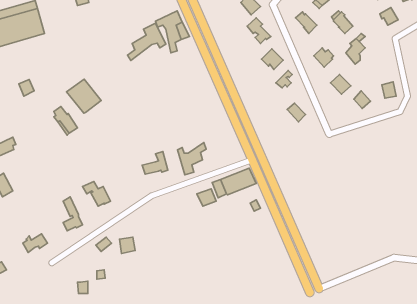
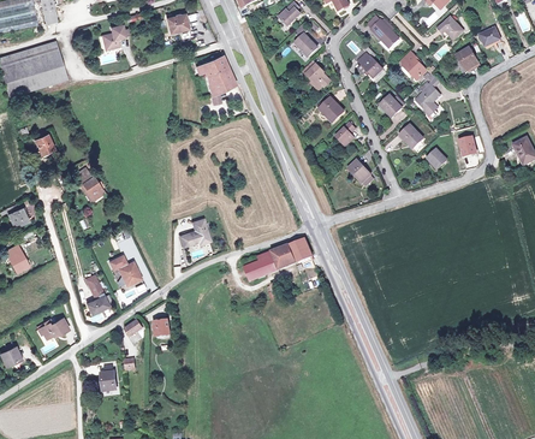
building: [127,23,166,61] -> none
building: [67,79,101,113] -> none
building: [178,142,206,175] -> none

